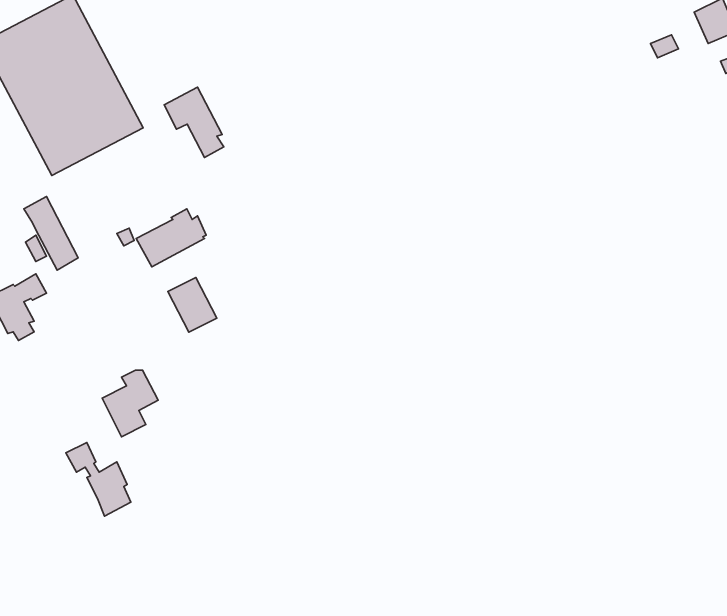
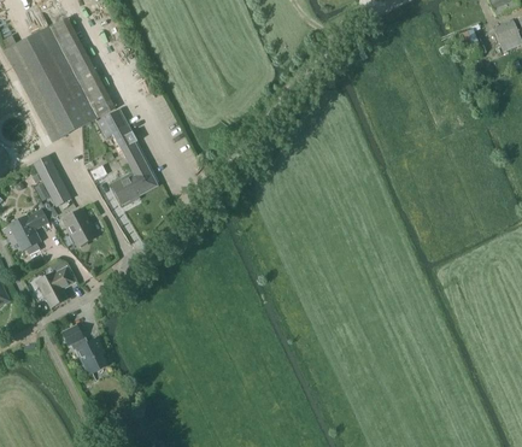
building: [164,87,224,157] -> [96,108,137,157]
building: [168,278,217,332] -> [63,208,96,246]
building: [102,370,158,437] -> [36,261,75,307]

